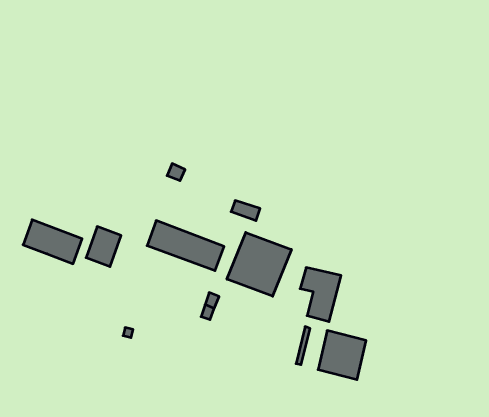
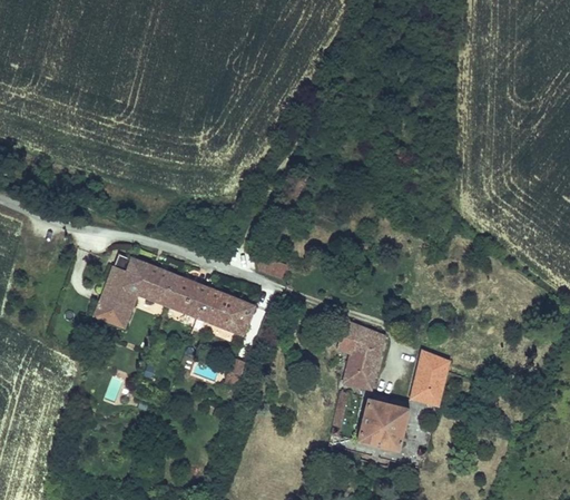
building: [23,220,82,264] -> [110,255,176,304]
building: [227,232,291,296] -> none
building: none -> [409,351,450,408]

